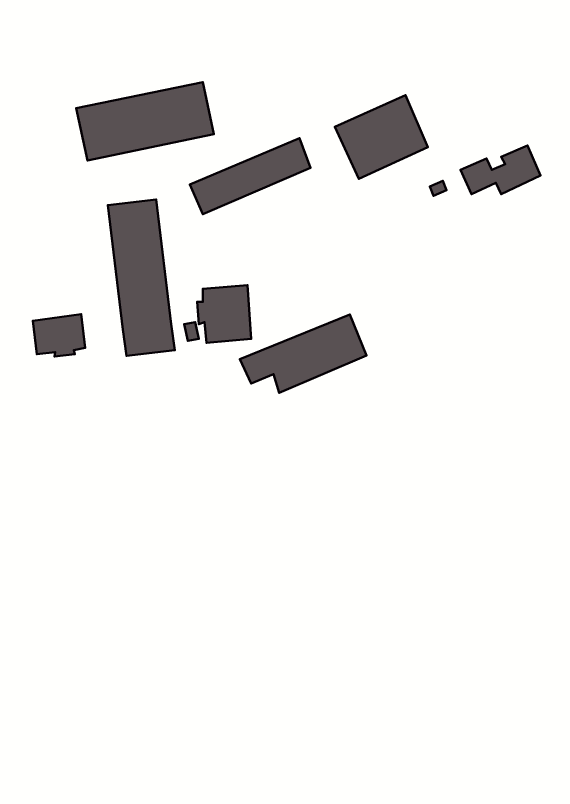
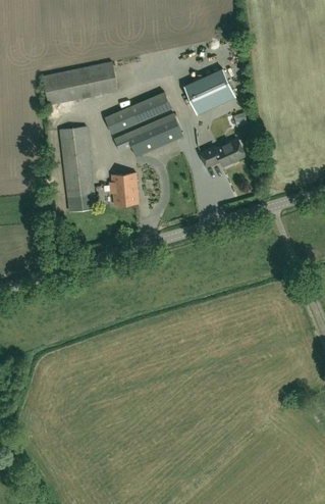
building: [460,146,540,194] -> [201,140,245,166]
building: [33,314,85,357] -> none
building: [240,315,366,393] -> [114,114,183,157]

